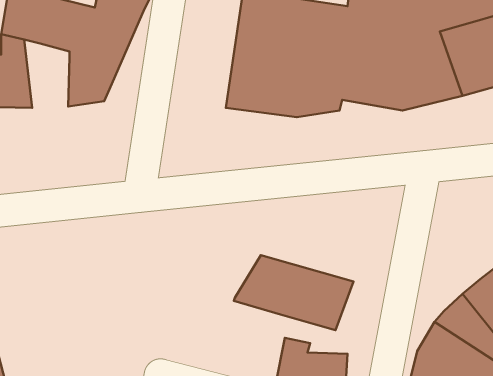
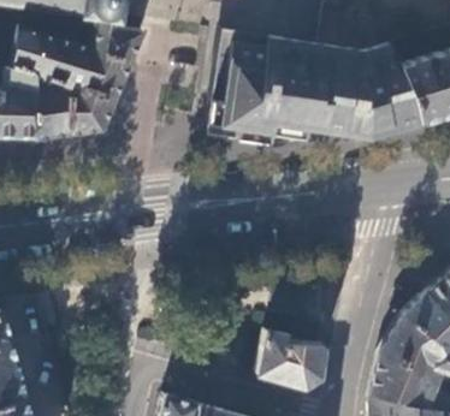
building: none -> [26,75,67,138]
building: [234,255,354,330] -> none

